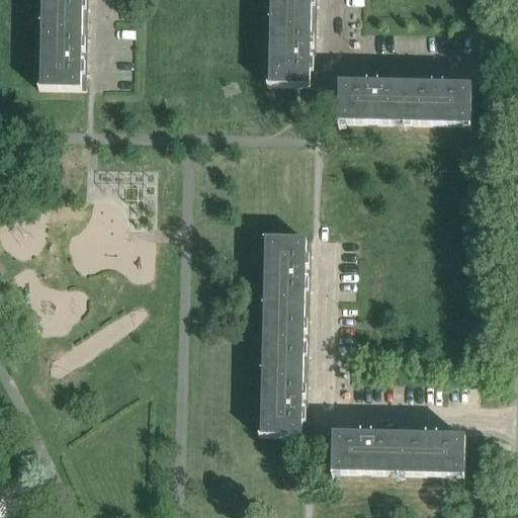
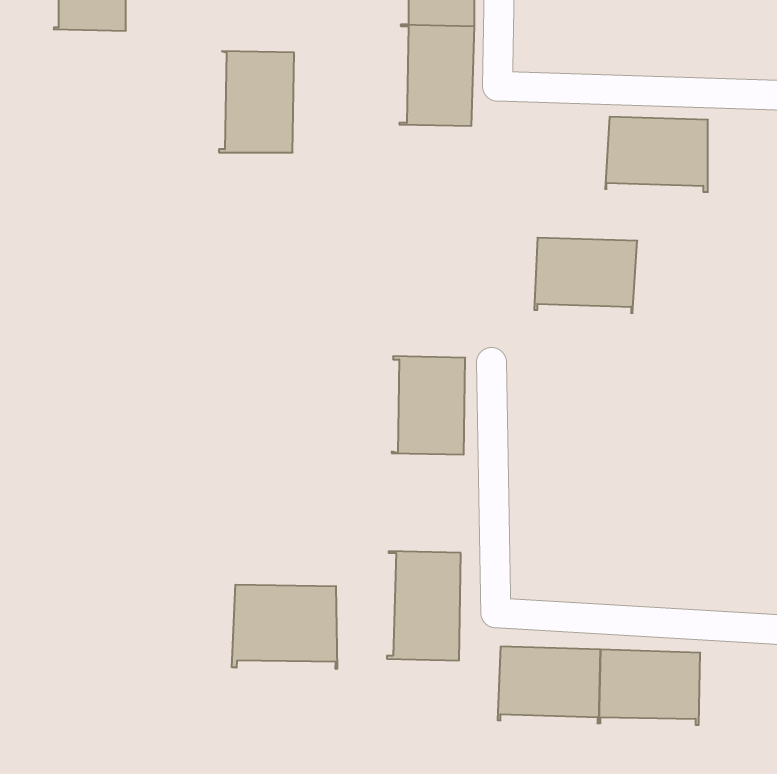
building: [33,19,83,86] -> [219,51,294,152]
building: [334,75,402,124] -> [534,238,637,313]
building: [256,298,306,364] -> none
building: none -> [232,585,337,669]

